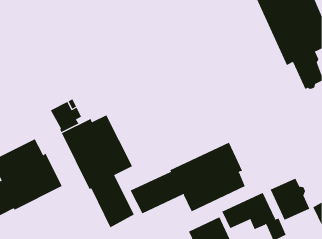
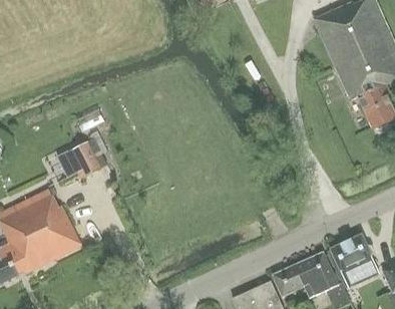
building: [61,115,135,228] -> none
building: [130,142,246,214] -> none

